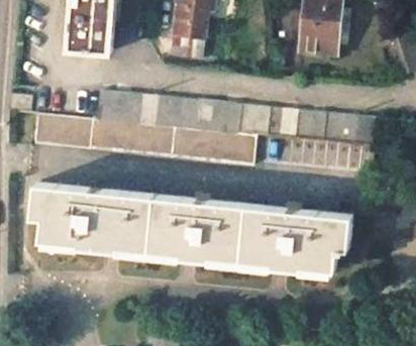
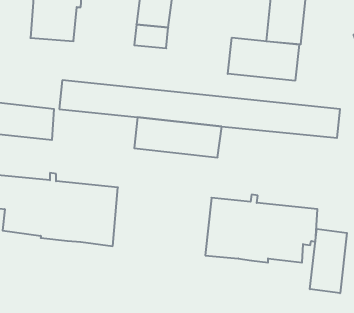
building: none -> [228,38,299,81]
building: [90,119,174,157] -> none
building: [149,193,246,262] -> none
building: none -> [310,229,347,293]

